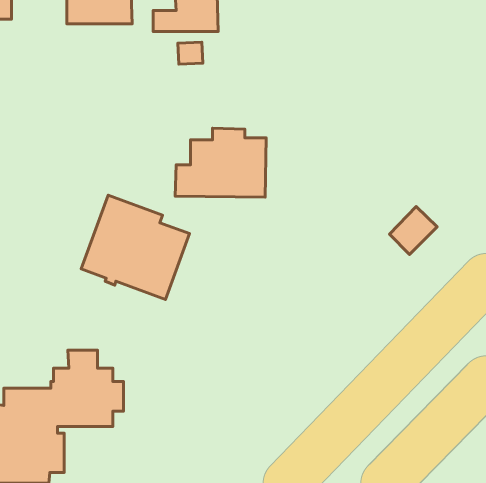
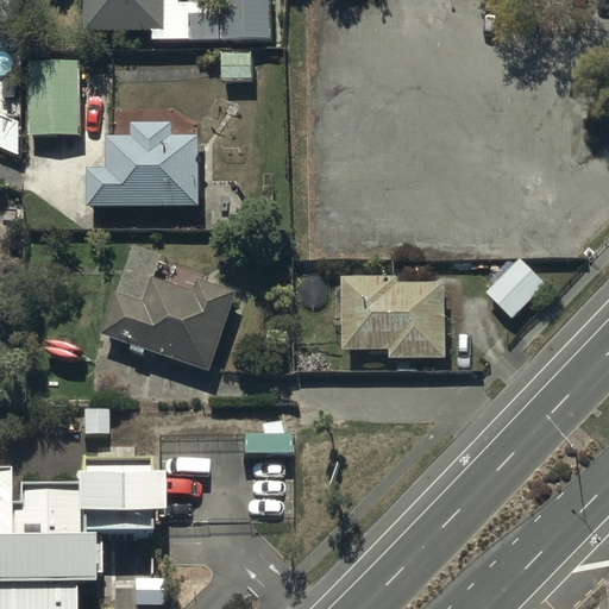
building: none -> [27,58,77,133]
building: [175,128,266,197] -> [86,123,199,208]
building: none -> [343,278,445,360]

